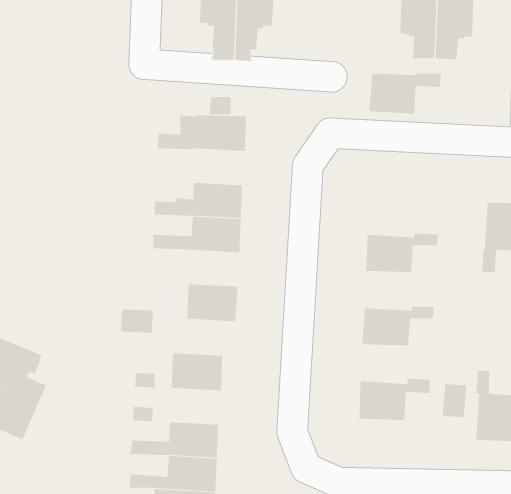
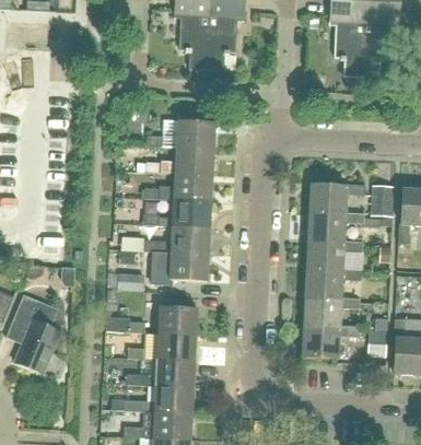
building: [369,73,442,114] -> [308,184,365,215]
building: none -> [144,147,214,175]
building: none -> [370,183,393,213]
building: none -> [141,225,210,254]
building: none -> [306,239,362,272]
building: none -> [303,296,360,329]
building: none -> [155,332,196,361]

